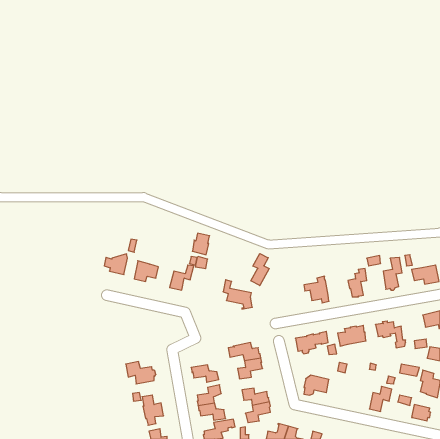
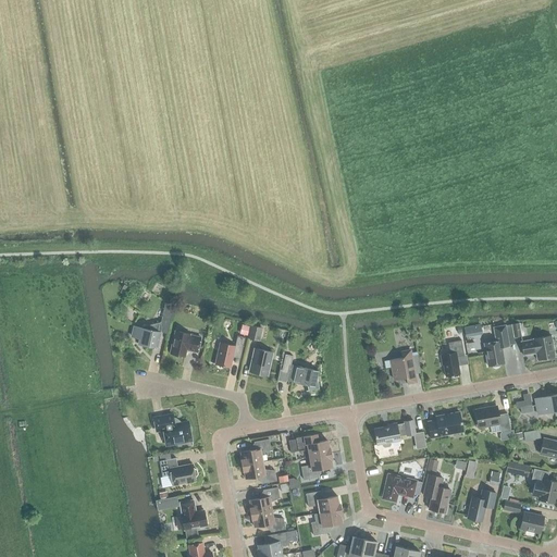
building: [192,233,210,255] -> [249,348,271,375]
building: [251,254,269,286] -> none
building: none -> [153,413,191,444]
building: none -> [239,438,270,465]
building: none -> [423,473,449,512]

